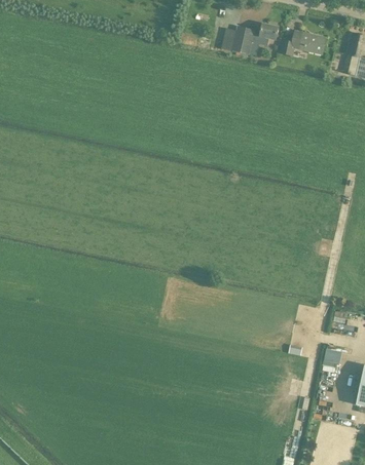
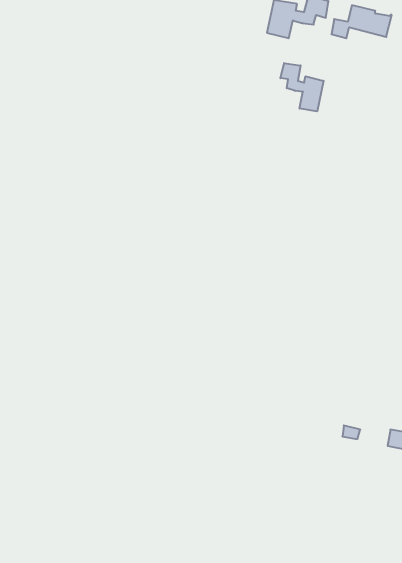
building: none -> [280,63,324,111]

